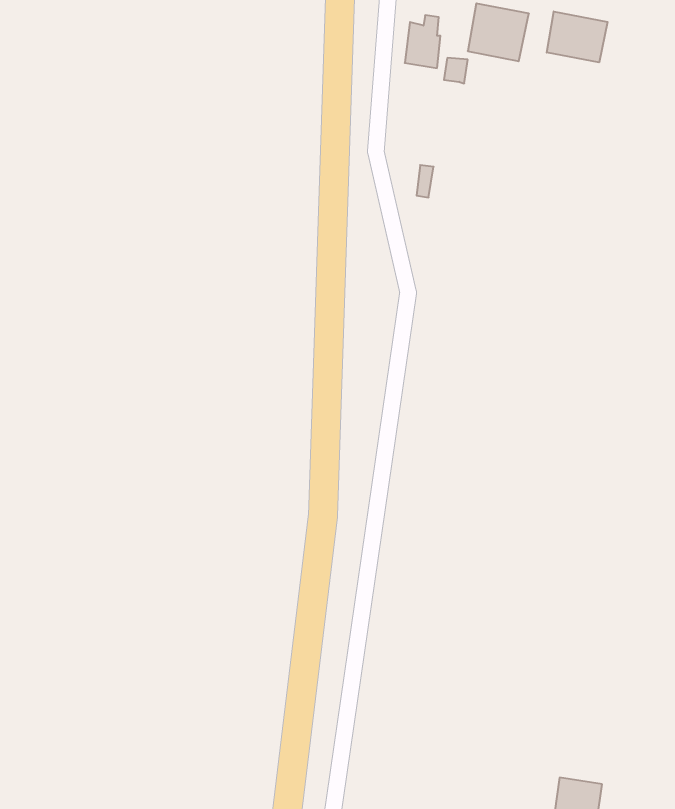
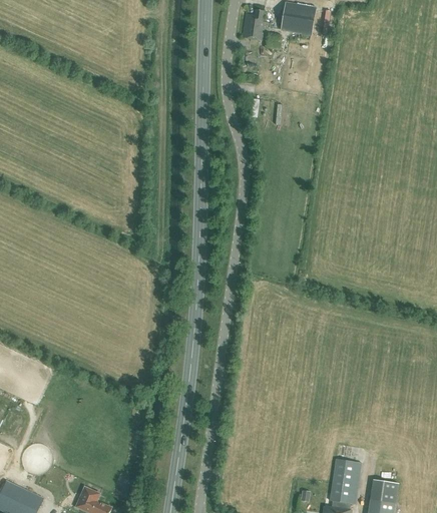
building: [547,11,608,62] -> none

